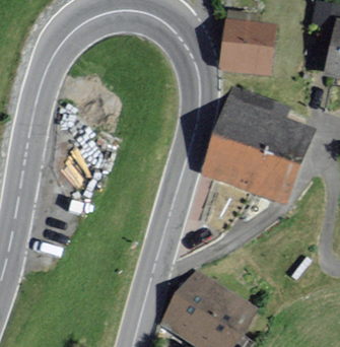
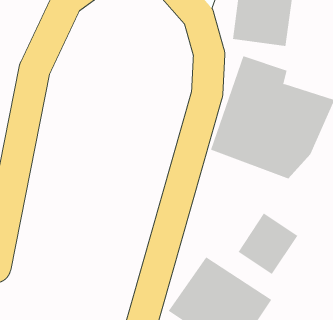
building: none -> [238,212,298,275]

